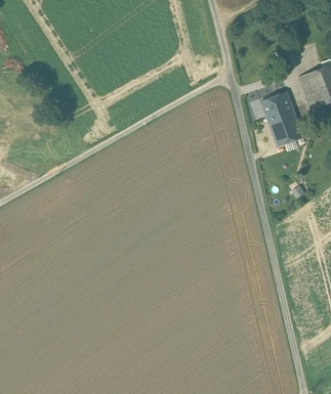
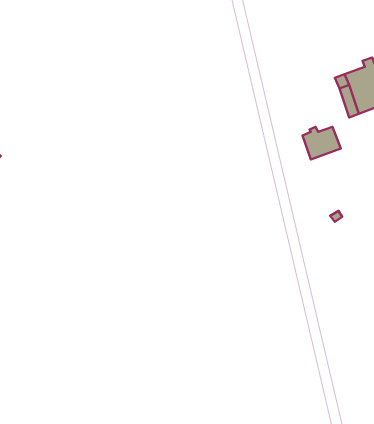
building: [260,92,295,125] -> none

